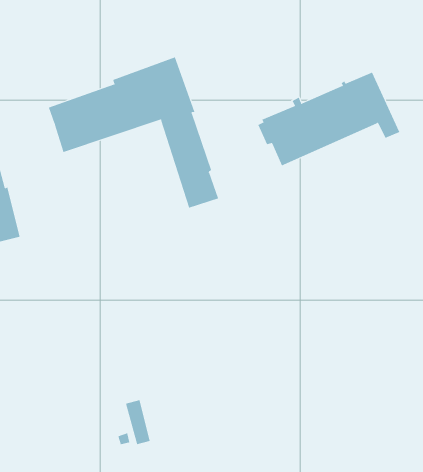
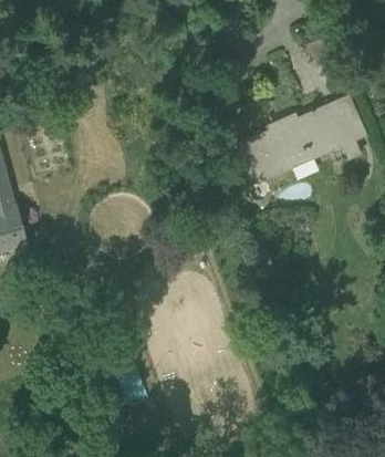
building: [48,57,219,209] -> none

